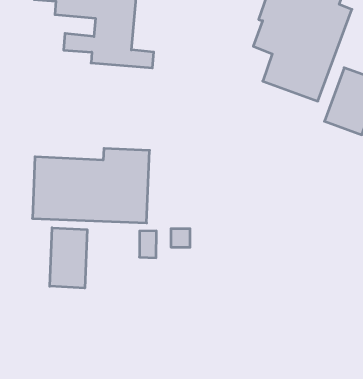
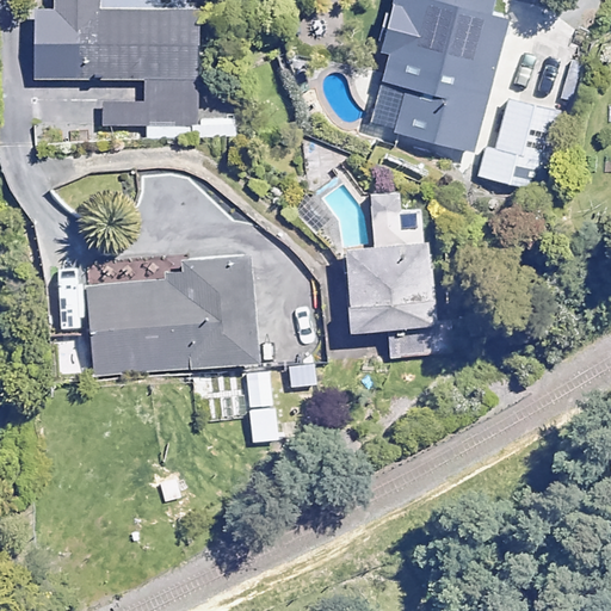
building: none -> [339,190,432,329]
building: [50,228,87,288] -> none

